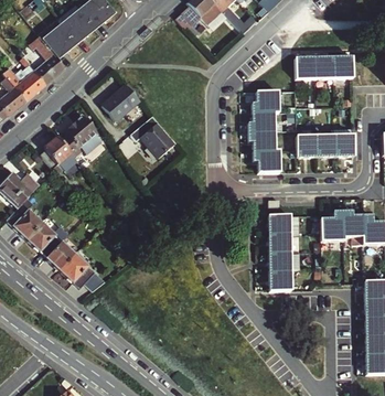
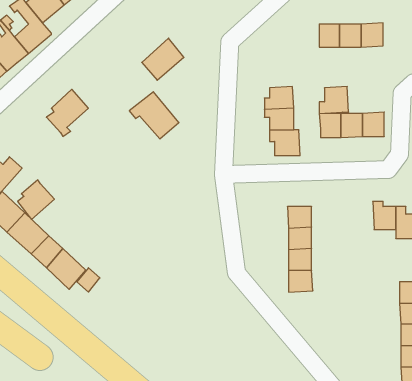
building: [103,83,139,119] -> [142,38,184,80]
building: [254,89,279,113] -> [319,87,349,113]
building: [41,135,73,169] -> [18,180,54,219]
building: [321,211,344,239] -> none

